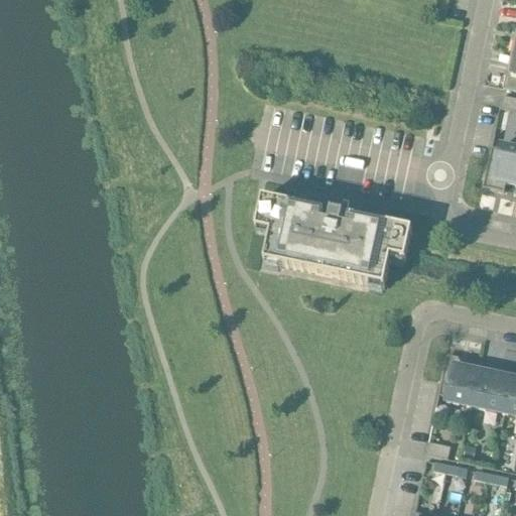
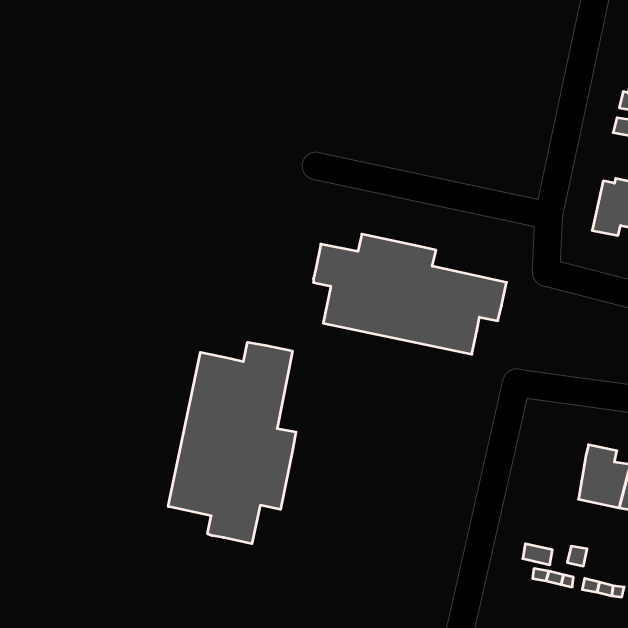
building: none -> [168,342,296,544]
building: [441,355,481,406] -> none

